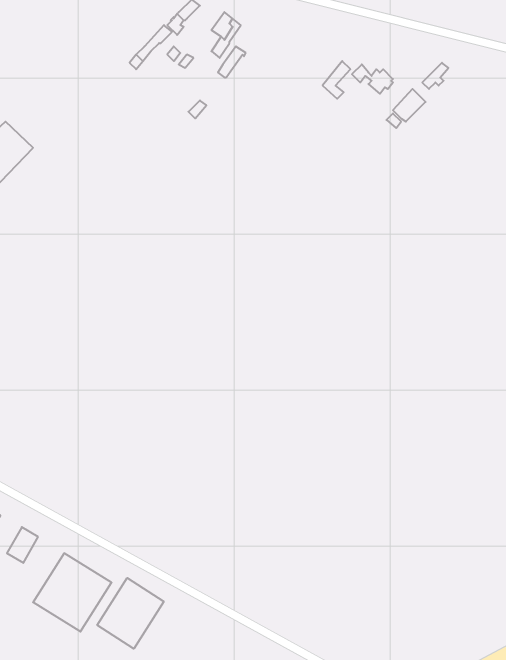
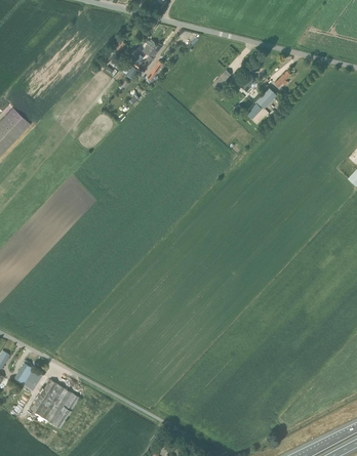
building: [97,578,164,649] -> none

